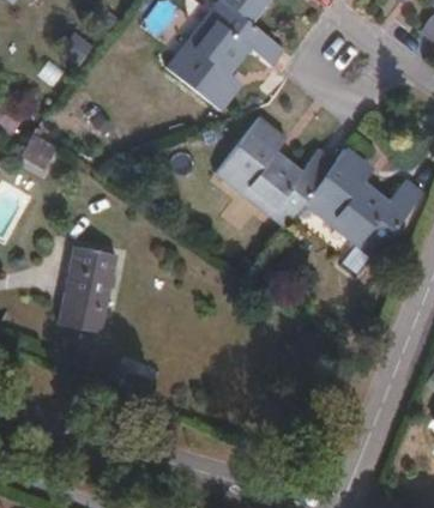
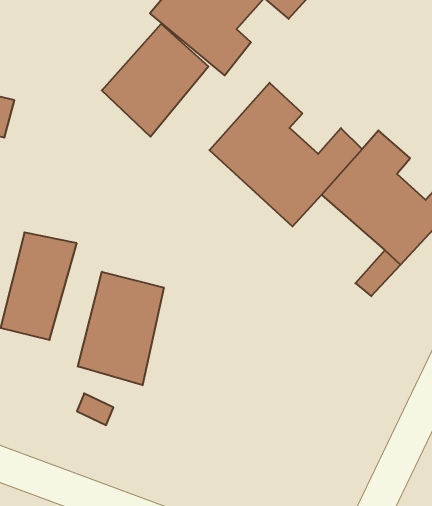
building: none -> [102,24,208,137]
building: none -> [78,272,164,385]

